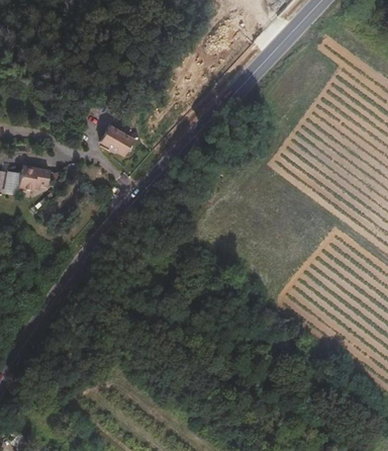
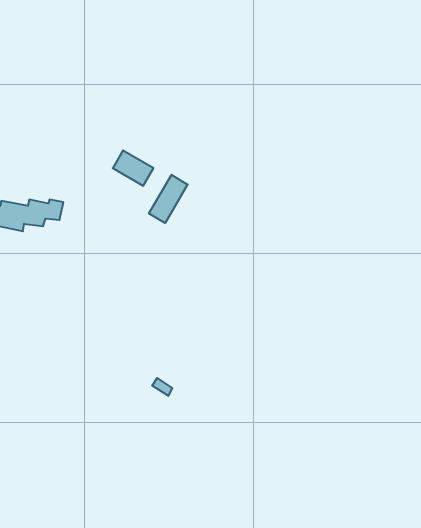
building: none -> [149,175,188,223]

